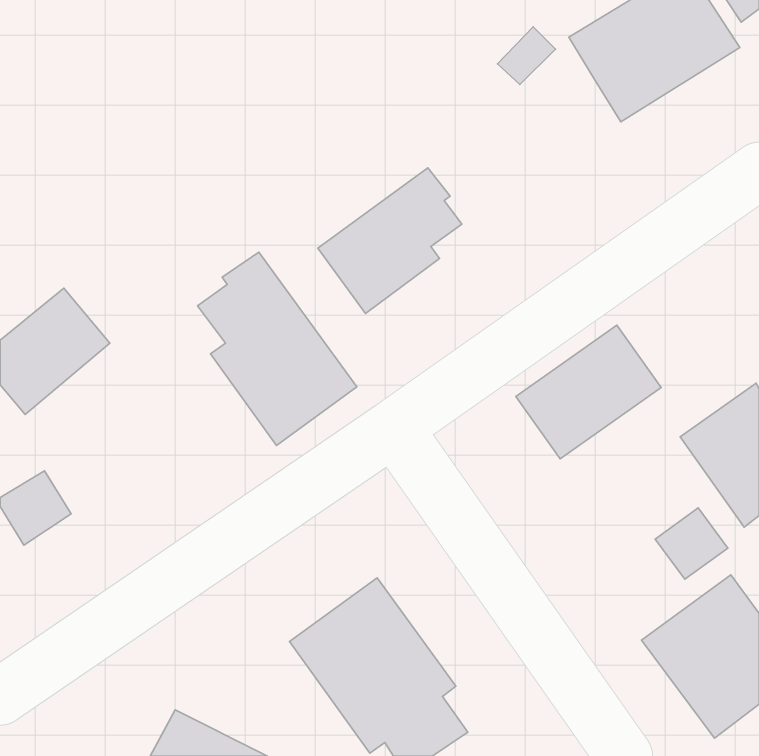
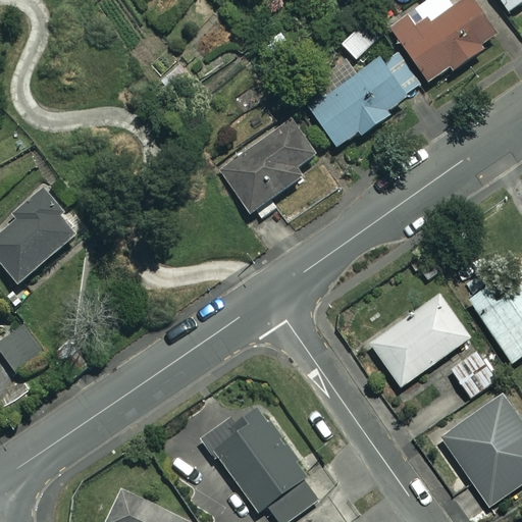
building: none -> [304,53,426,150]
building: [197,252,357,446] -> none
building: [516,325,661,459] -> [369,295,469,386]

